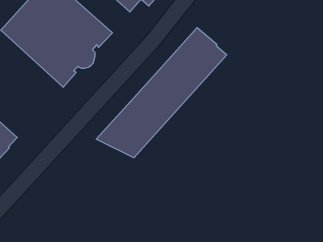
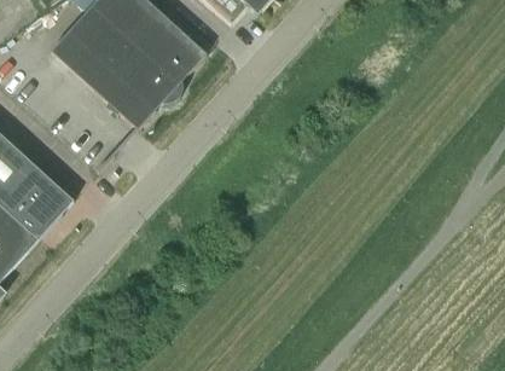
building: [96,28,227,158] -> none

